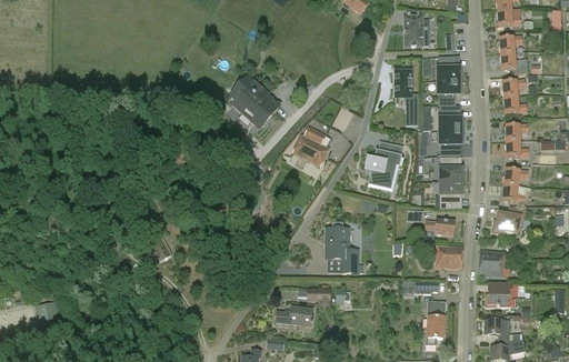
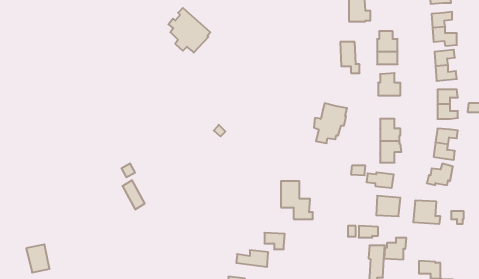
building: [231,76,279,127] -> [168,8,210,53]
building: [293,124,330,165] -> none
building: [438,130,463,154] -> none
building: [486,283,511,308] -> [384,238,406,259]

